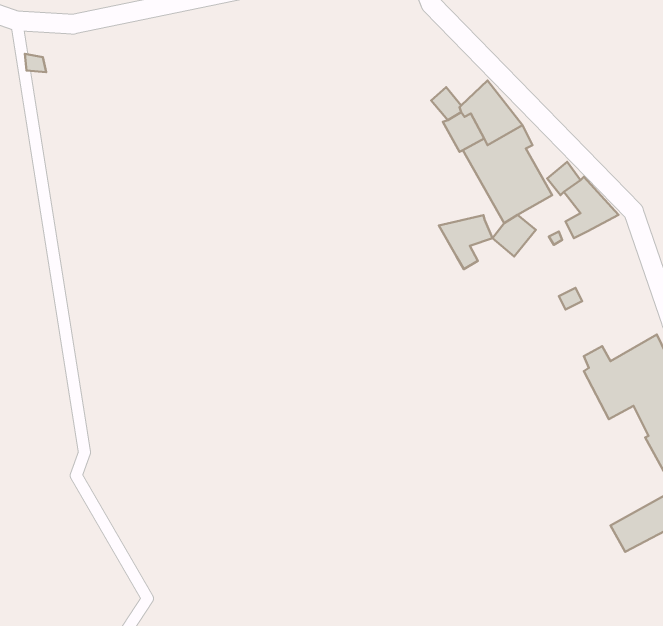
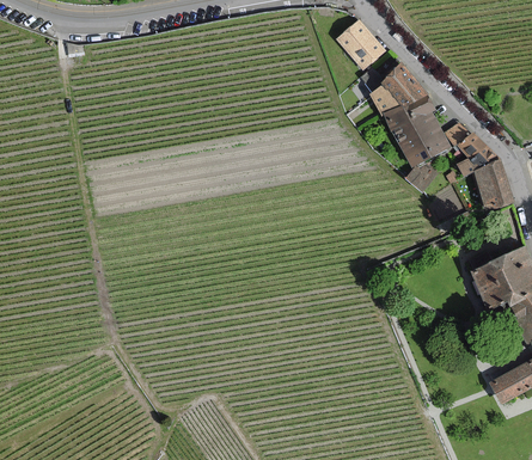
building: none -> [337,22,384,68]
building: none -> [473,159,514,210]
building: [439,215,493,269] -> none

